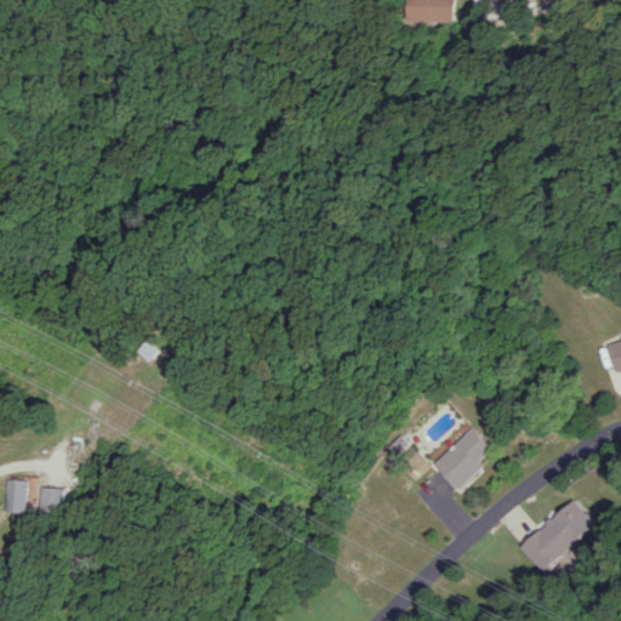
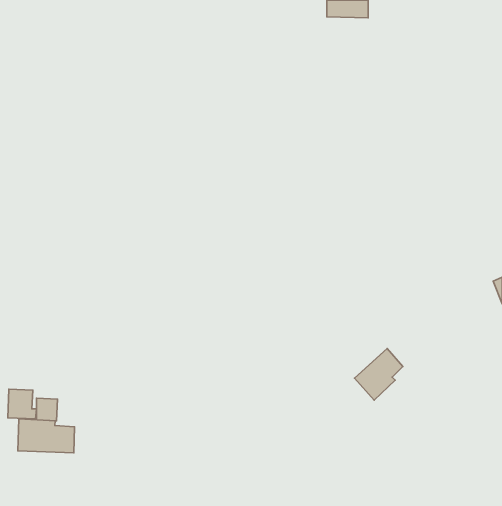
building: [515,500,597,570] -> none
building: none -> [18,419,74,453]

